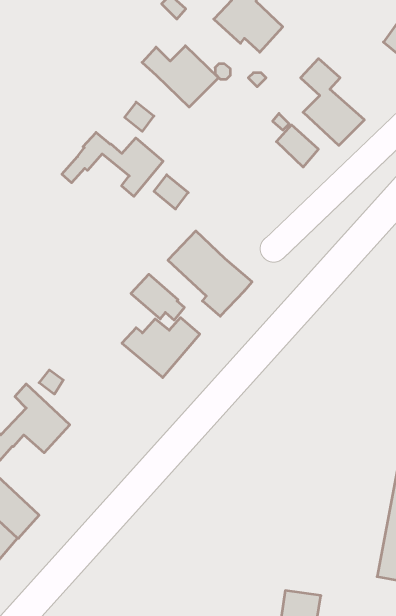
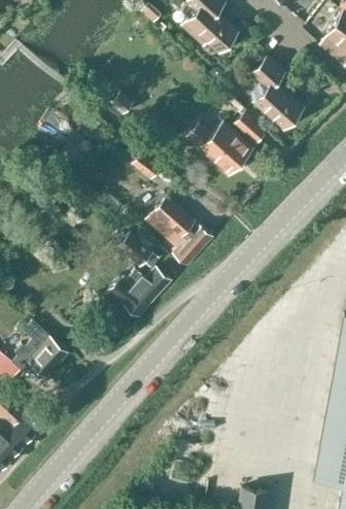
building: [142,46,219,107] -> [189,123,251,172]
building: [62,132,163,196] -> none

